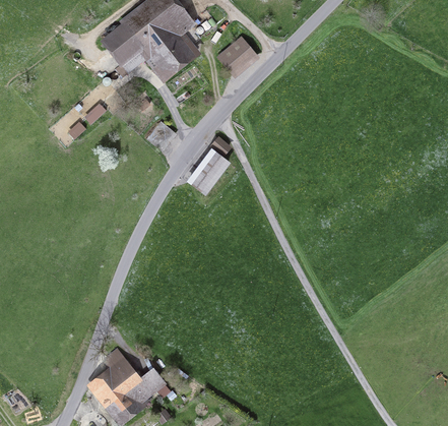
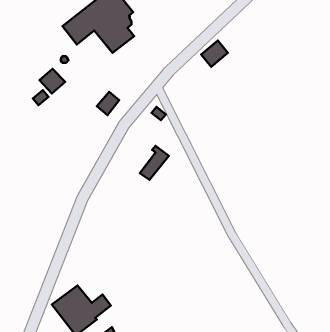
building: [220,39,253,71] -> [201,40,228,67]
building: [192,149,228,191] -> [140,146,169,180]

